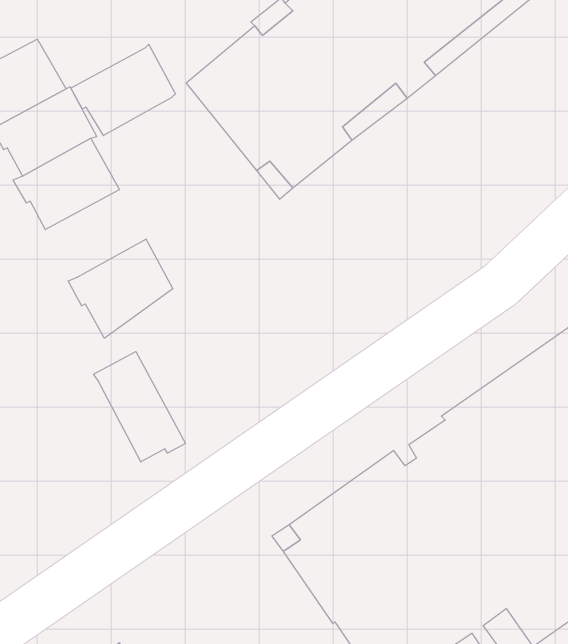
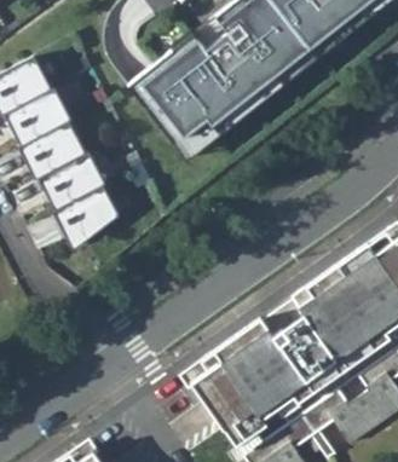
building: [71,44,175,136] -> [40,151,106,209]
building: [94,352,185,462] -> none

